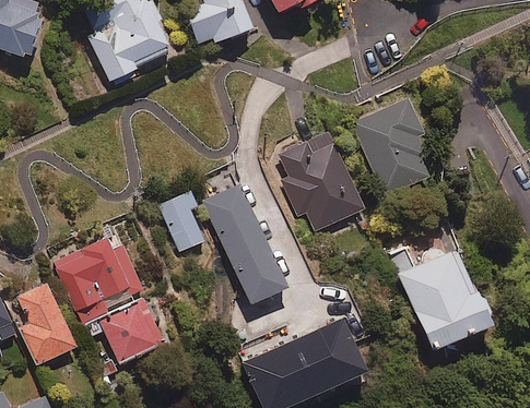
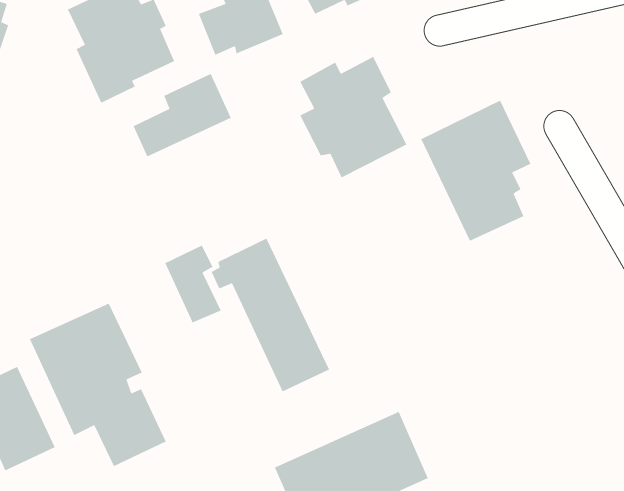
building: none -> [133,73,232,158]
building: [287,134,372,229] -> [299,56,407,179]
building: [387,240,510,353] -> none

